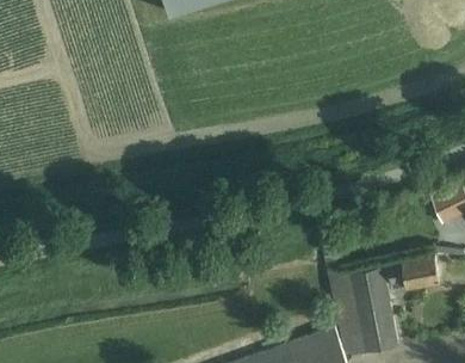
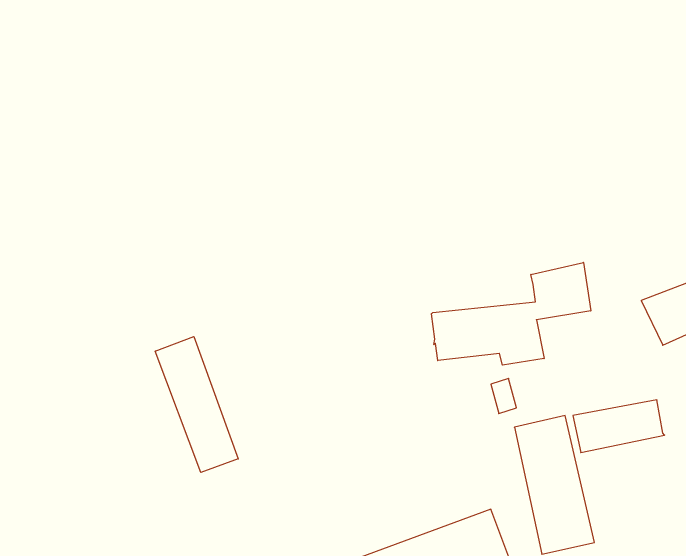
building: none -> [431,262,591,365]
building: none -> [155,337,238,472]

